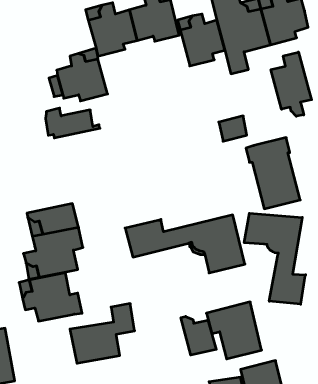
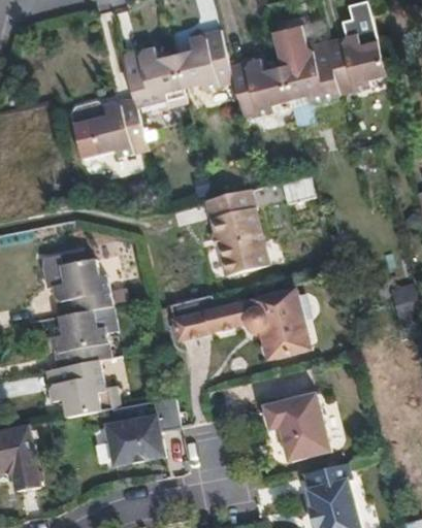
building: [271,52,312,116] -> none
building: [46,108,100,138] -> [43,254,107,289]
building: [246,138,300,209] -> [203,190,267,273]
building: [244,213,306,304] -> none
building: [181,316,216,355] -> none

